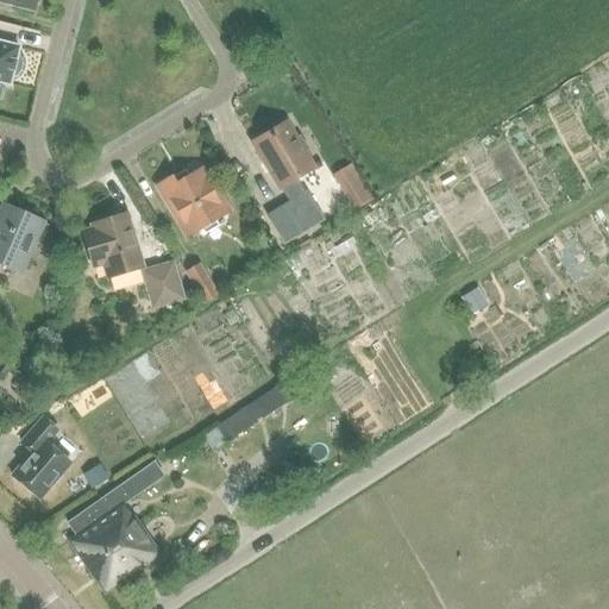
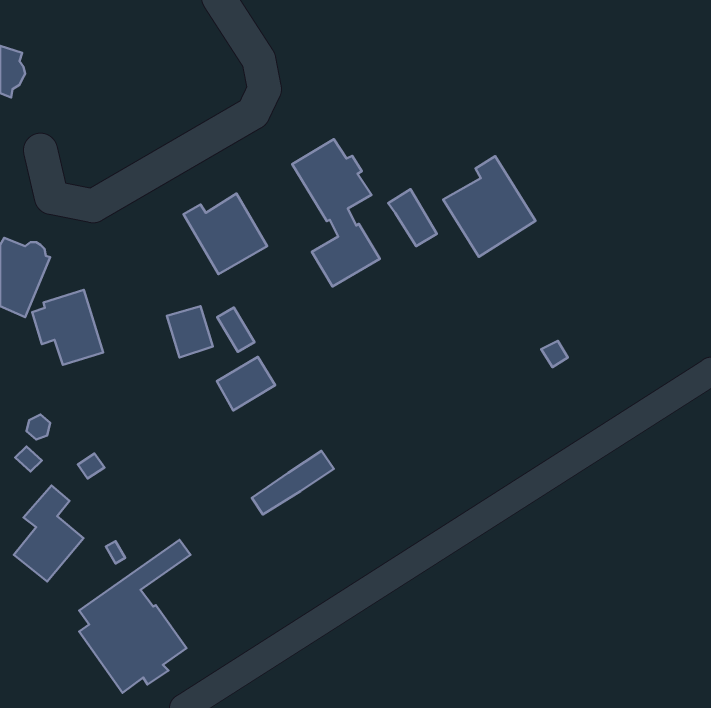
building: none -> [443,156,535,257]
building: [82,212,143,276] -> [32,290,103,365]
building: none -> [217,357,275,411]

